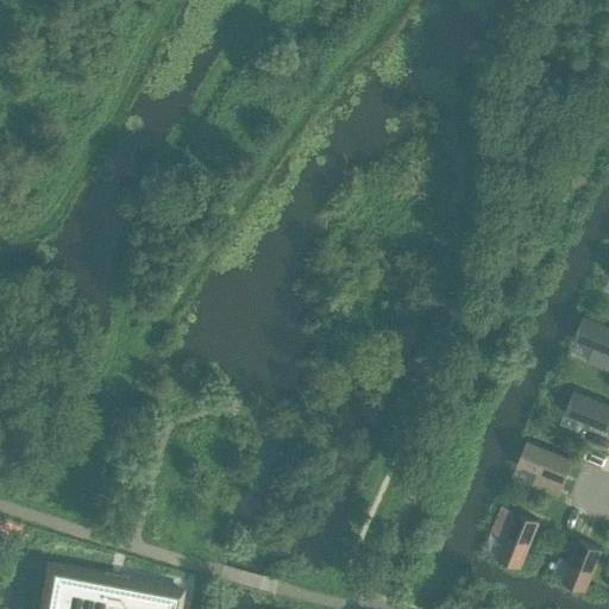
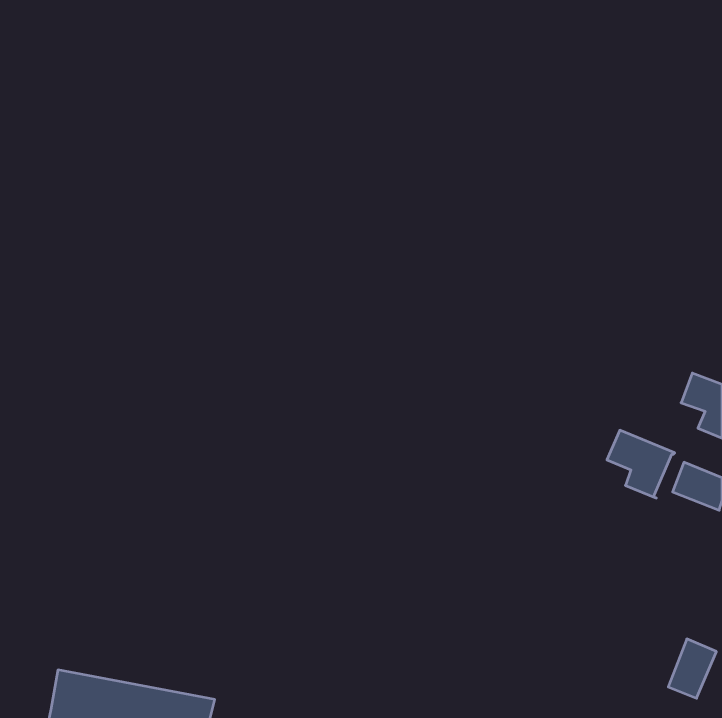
building: [516,442,573,500] -> [607,430,675,498]
building: [491,508,540,570] -> none

